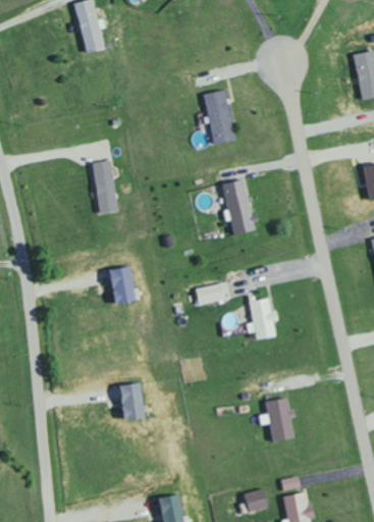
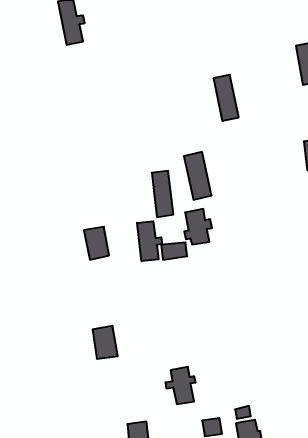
building: [204,90,233,144] -> [213,75,239,121]
building: [92,160,117,214] -> [152,171,173,217]
building: none -> [137,221,162,261]
building: [249,298,281,340] -> [184,209,212,245]
building: [260,398,296,441] -> [165,367,196,404]

